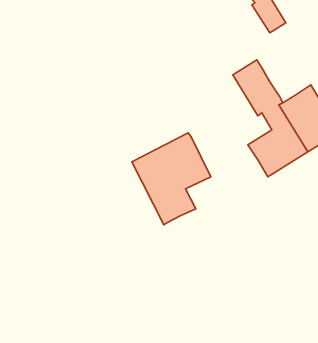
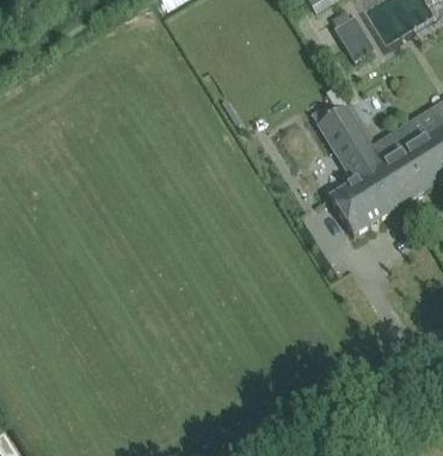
building: [132,133,211,225] -> none

